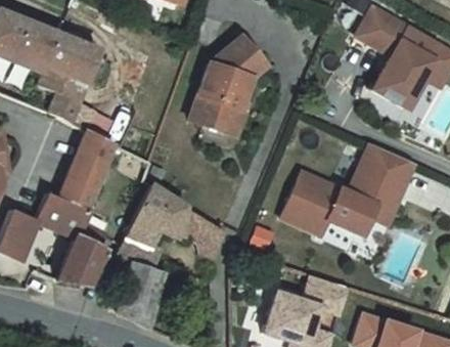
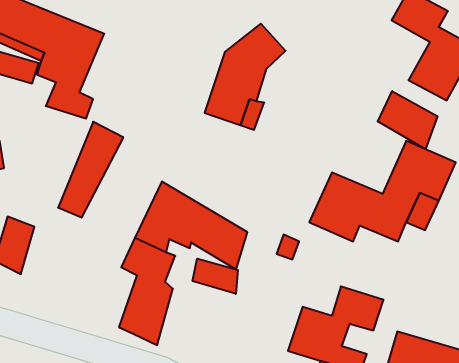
building: none -> [378,91,437,149]
building: [36,199,104,289] -> none
building: none -> [193,259,238,294]

